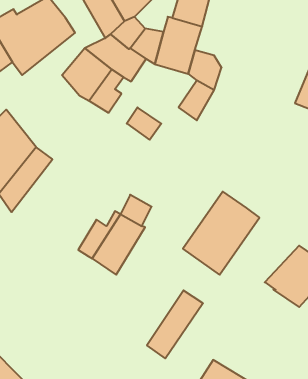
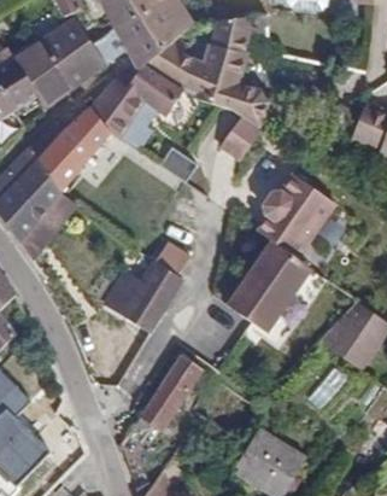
building: none -> [28,109,110,189]
building: none -> [260,173,334,257]
building: [147,290,203,358] -> [141,355,204,431]

